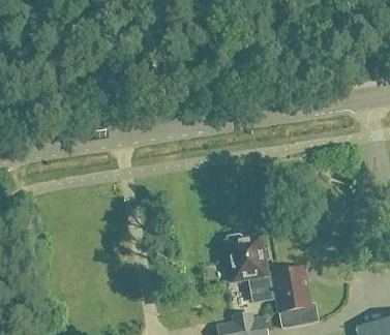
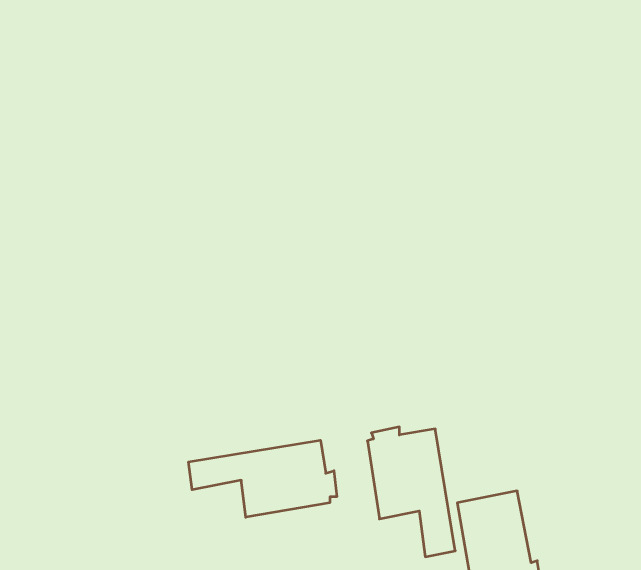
building: none -> [189,440,337,517]

